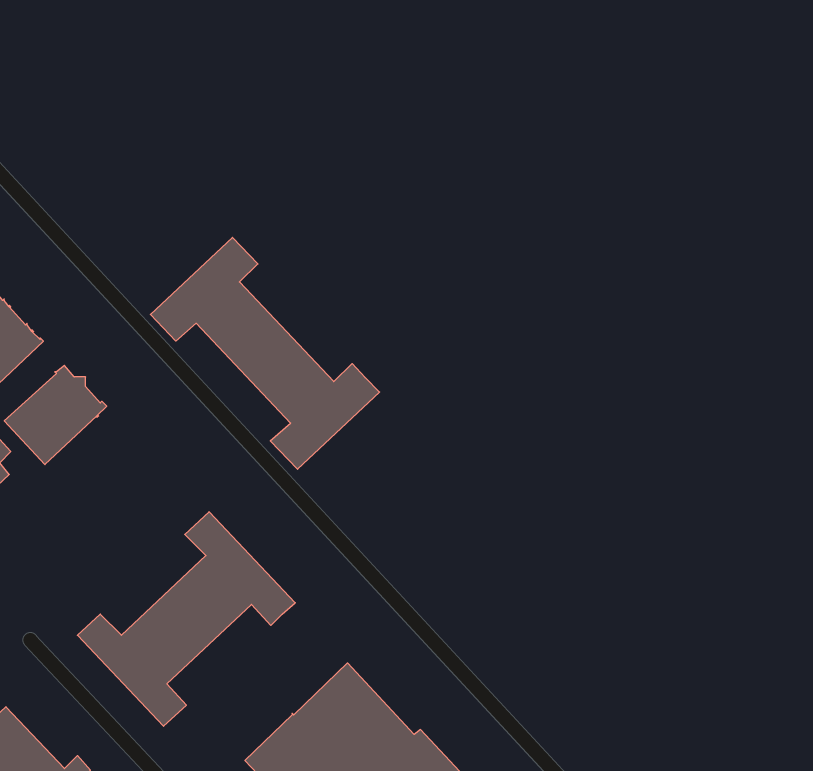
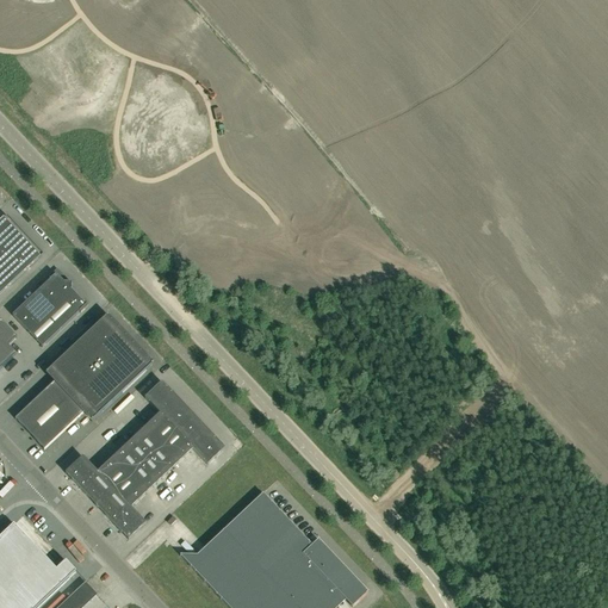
building: [150,237,380,469] -> none
building: none -> [14,315,149,447]

